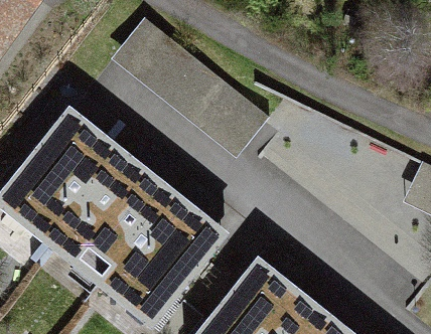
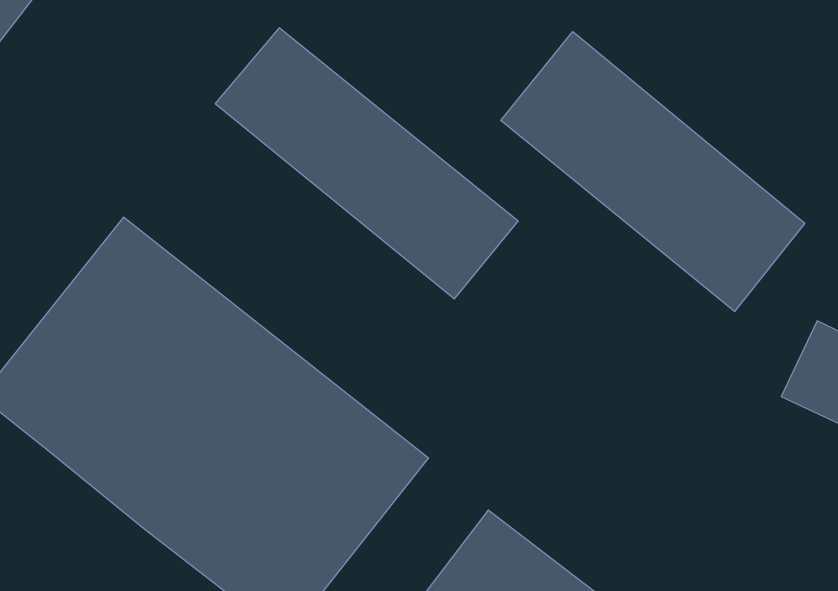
building: none -> [501,32,805,311]

